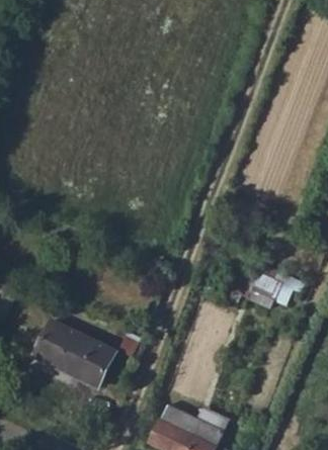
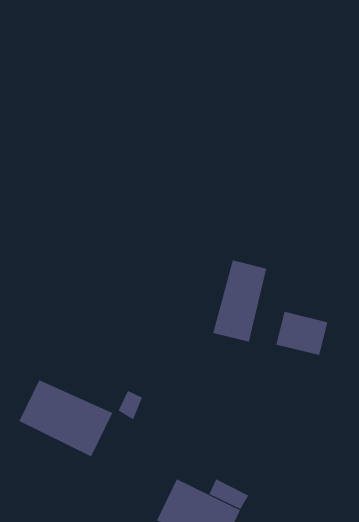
building: none -> [213,260,267,343]

